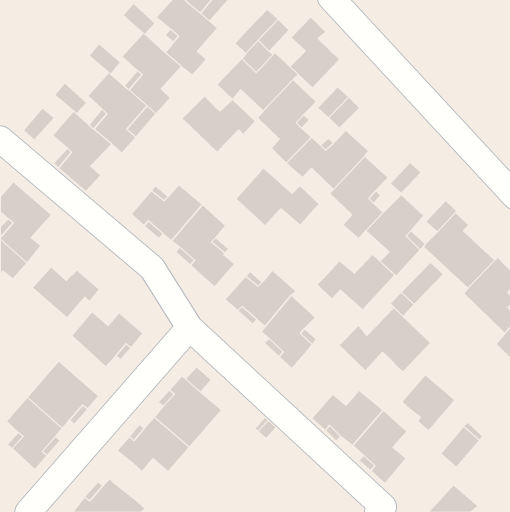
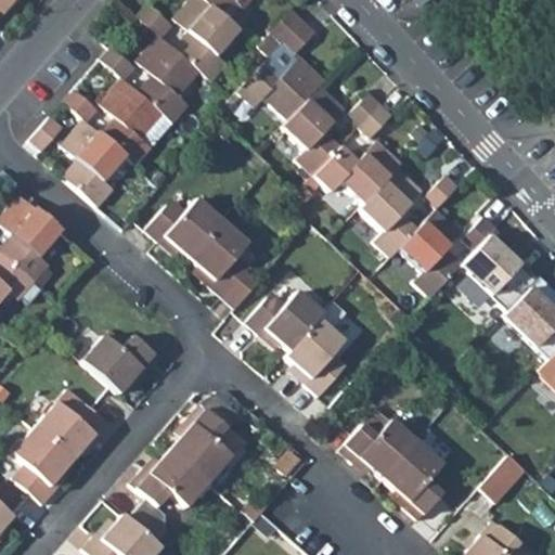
building: [290,17,340,88] -> none
building: [182,96,255,153] -> none
building: [236,167,320,226] -> none
building: [317,254,395,310] -> none
building: [32,267,99,318] -> none
building: [339,308,431,372] -> none
building: [402,374,455,431] -> none
building: none -> [128,498,167,541]

